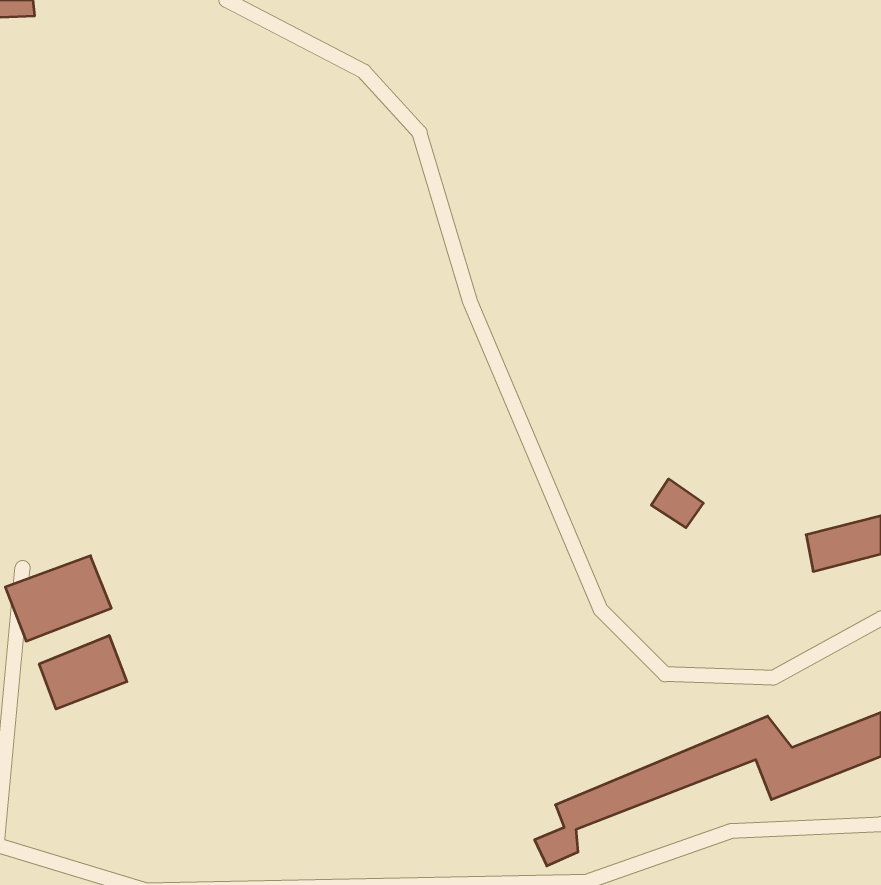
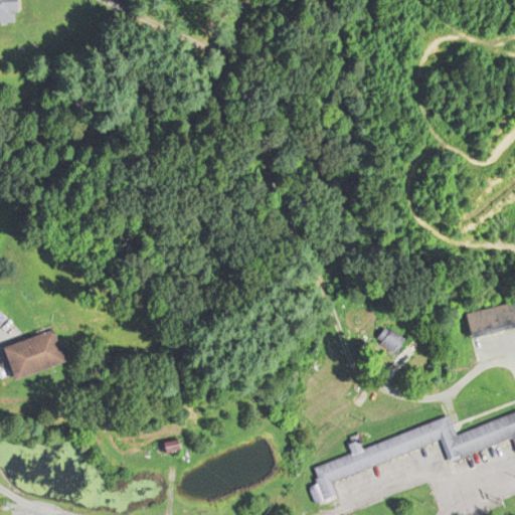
building: [651,479,703,528] -> [373,326,403,354]
building: [39,635,127,709] -> none

